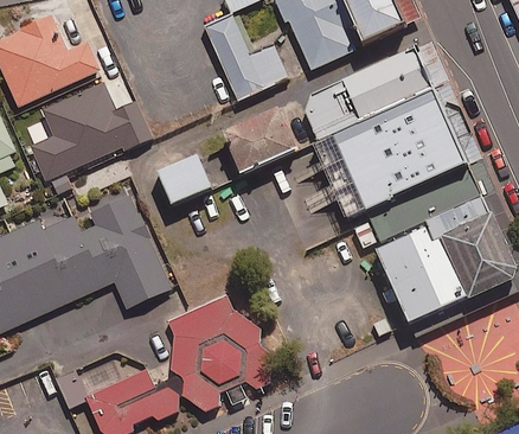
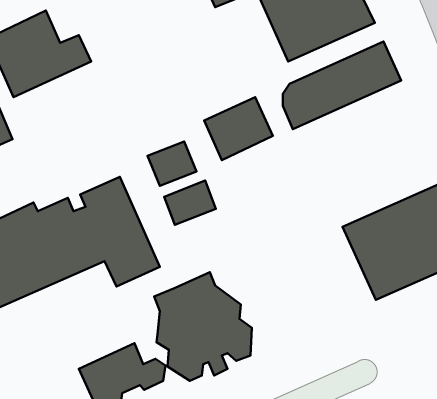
building: [204,13,290,101] -> none
building: [31,74,153,180] -> none
building: [309,89,466,219] -> none
building: none -> [164,181,216,225]

